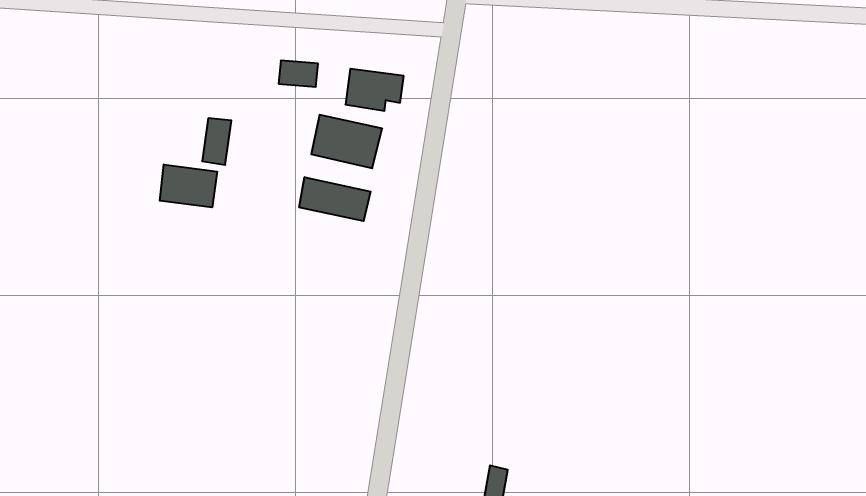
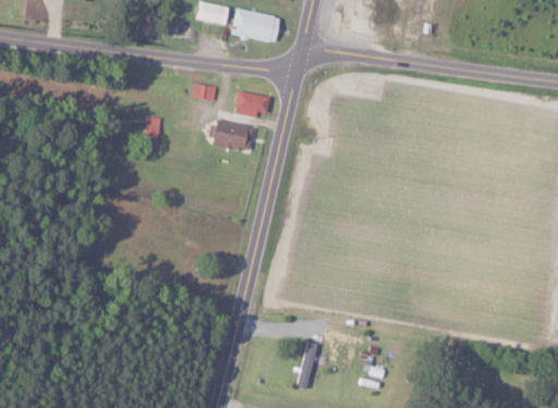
building: [160,164,217,207] -> none
building: [299,177,371,221] -> none

